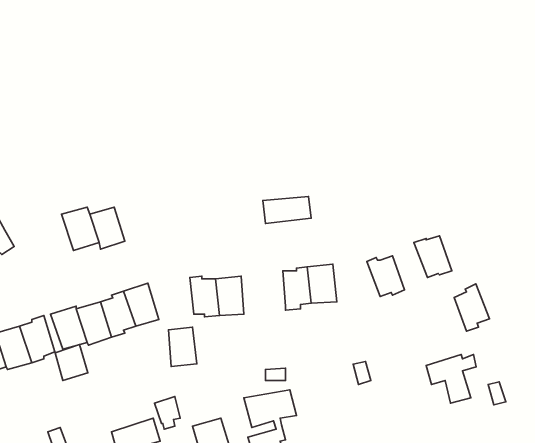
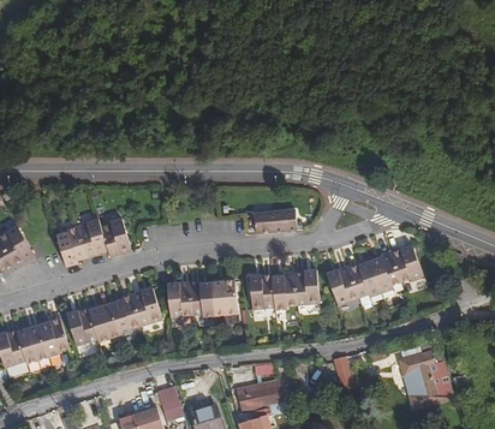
building: none -> [54,225,84,267]
building: none -> [326,267,357,305]
building: none -> [248,273,273,309]
building: [454,284,489,331] -> [368,250,399,292]
building: [168,327,197,366] -> [166,281,191,316]
building: [55,345,88,380] -> none

